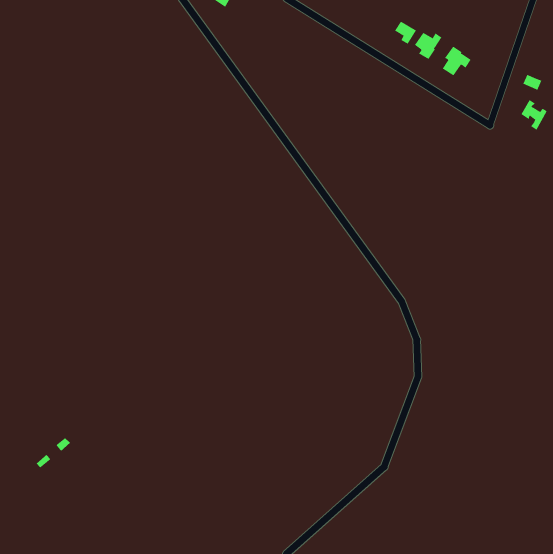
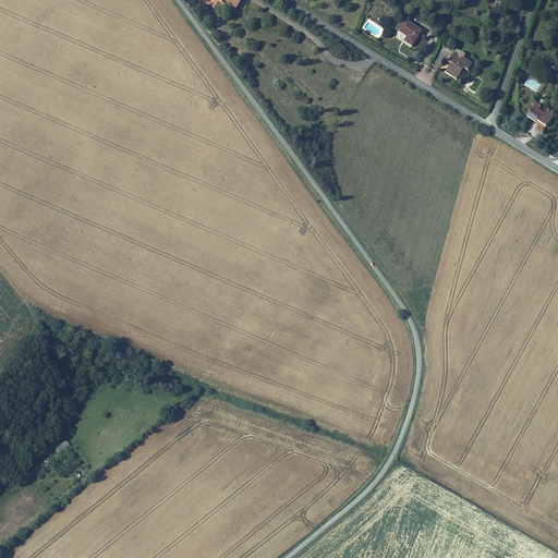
building: [414,32,442,60] -> none

